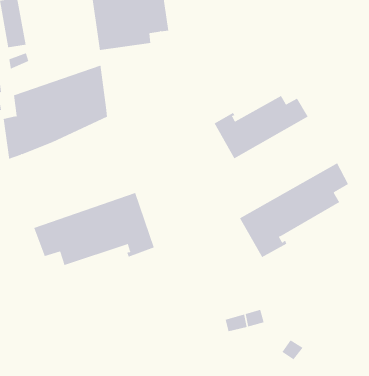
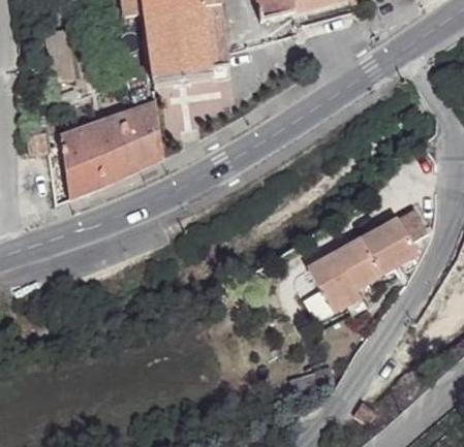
building: [214,95,308,159] -> none
building: [34,192,155,266] -> none

